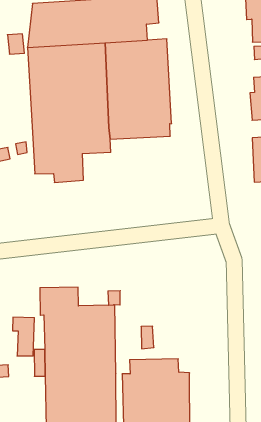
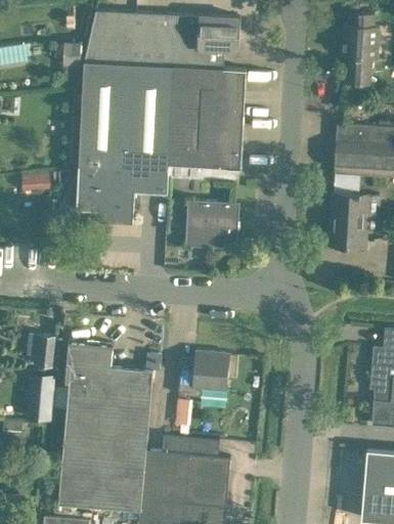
building: none -> [185,202,238,250]
building: none -> [178,352,229,397]
building: none -> [28,335,58,367]

